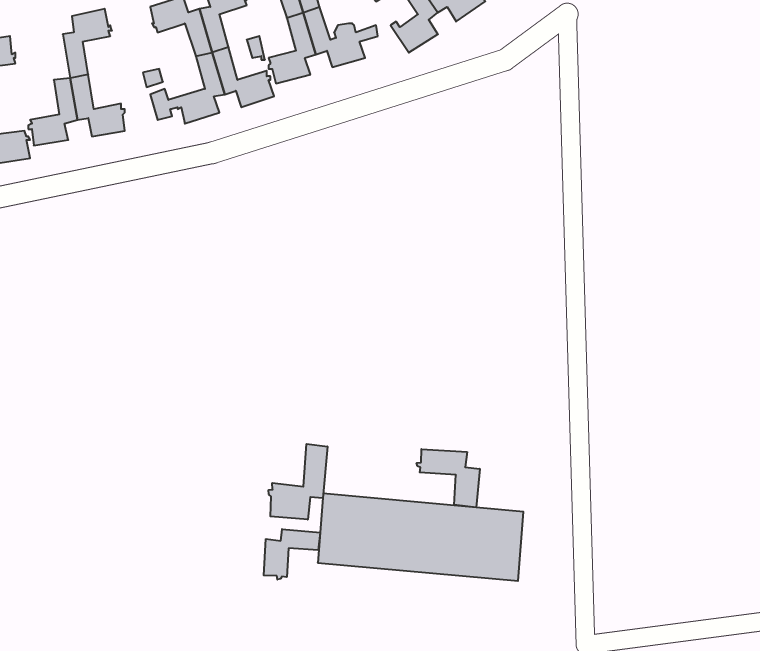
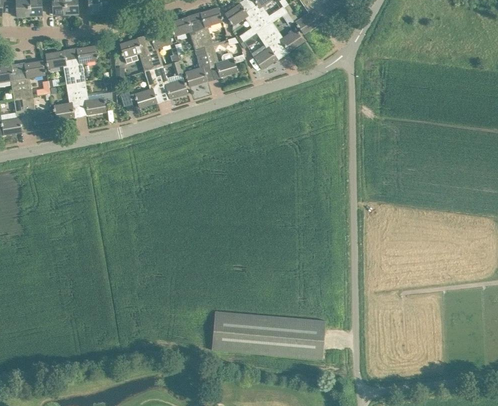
building: none -> [44,50,75,83]
building: [269,444,327,520] -> none
building: [417,449,480,507] -> none
building: [264,529,320,580] -> none

